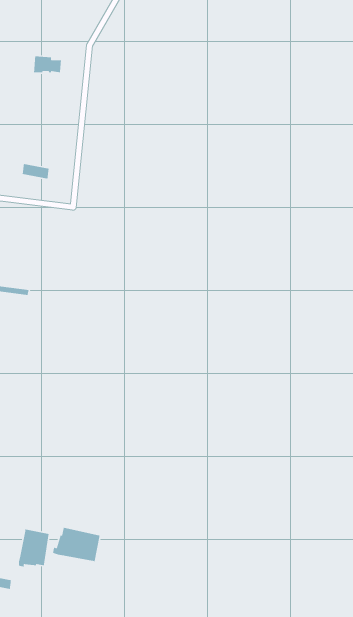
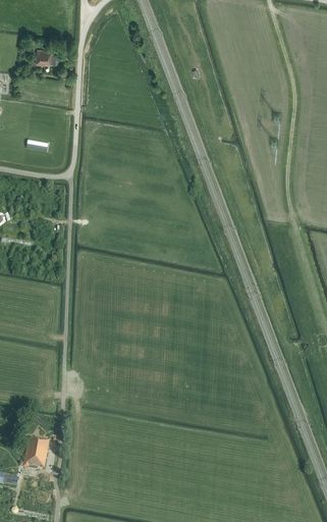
building: [52,527,100,563] -> none

